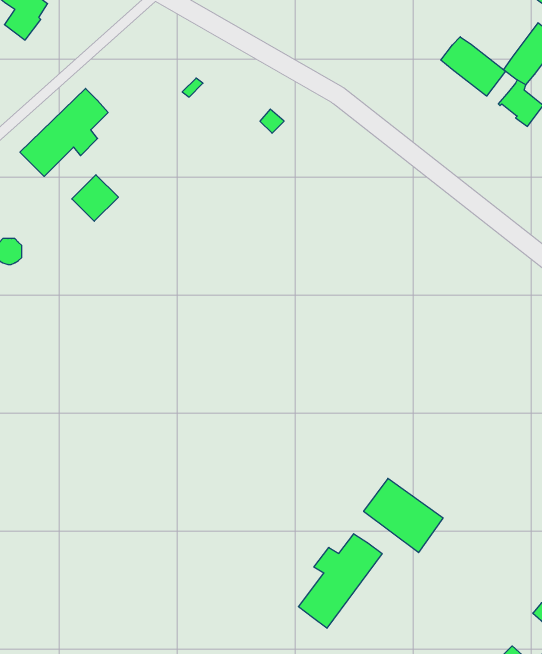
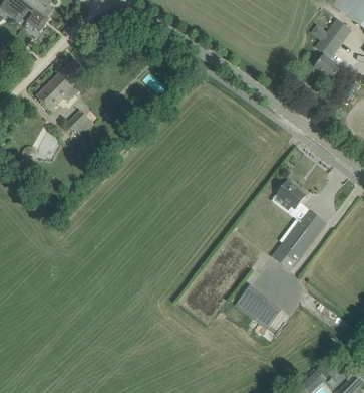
building: [441,37,506,96] -> none
building: none -> [272,179,327,270]
building: [298,534,382,628] -> none

